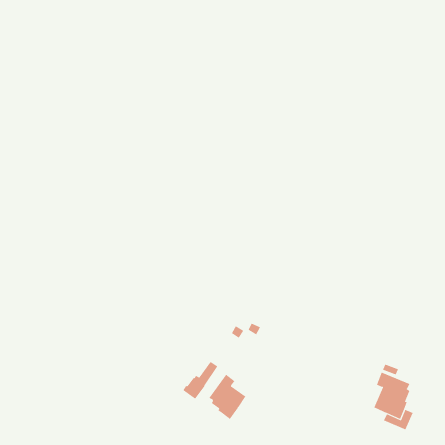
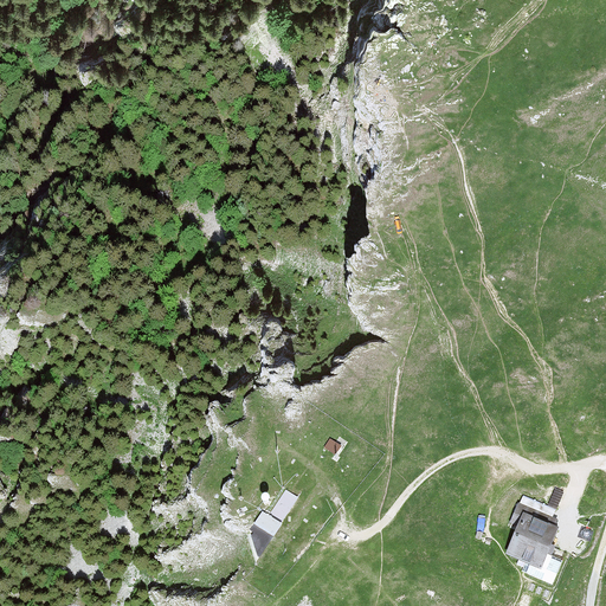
building: [208,374,246,420] -> none

